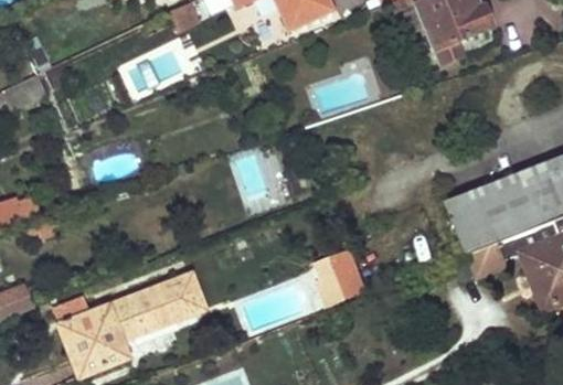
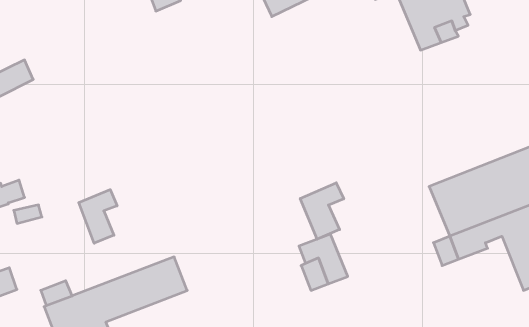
building: none -> [300,183,344,239]
building: none -> [79,190,117,243]

